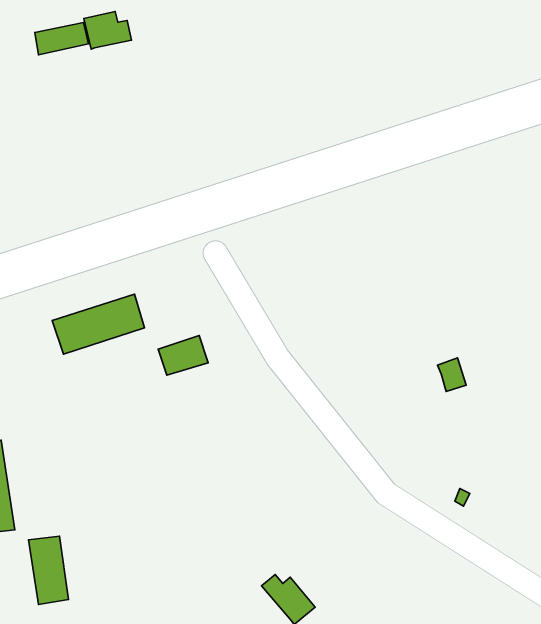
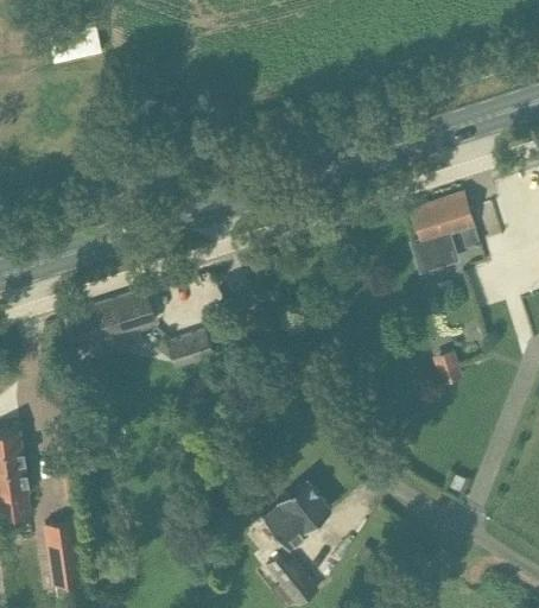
building: [84,11,132,49] -> none
building: none -> [411,194,480,273]
building: none -> [262,479,331,550]

